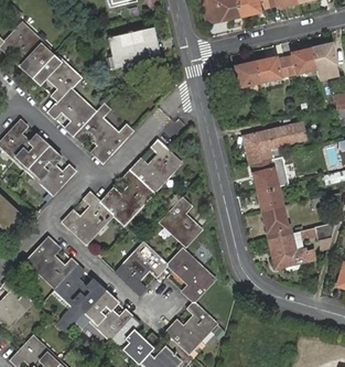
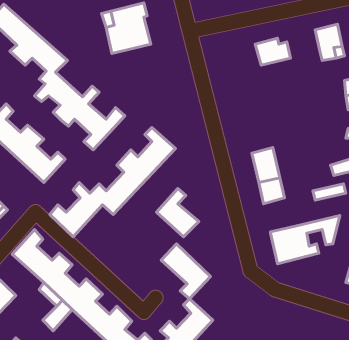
building: [284,50,315,76] -> none
building: [227,63,260,89] -> none
building: [245,127,303,165] -> none
building: [262,207,292,239] -> none
building: [116,245,166,295] -> none

